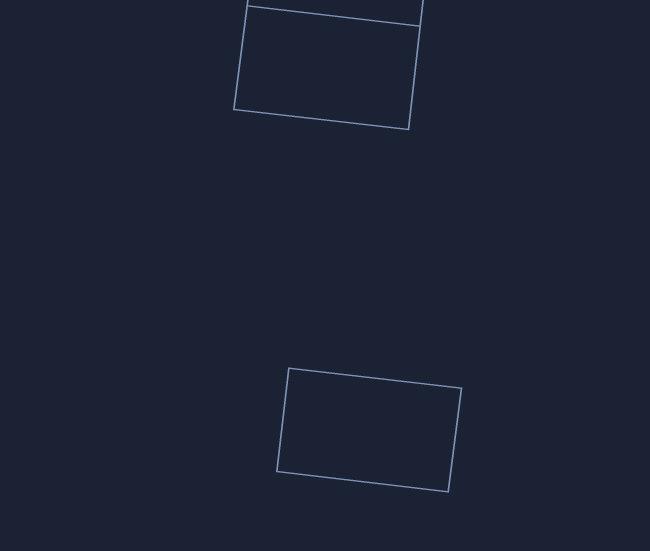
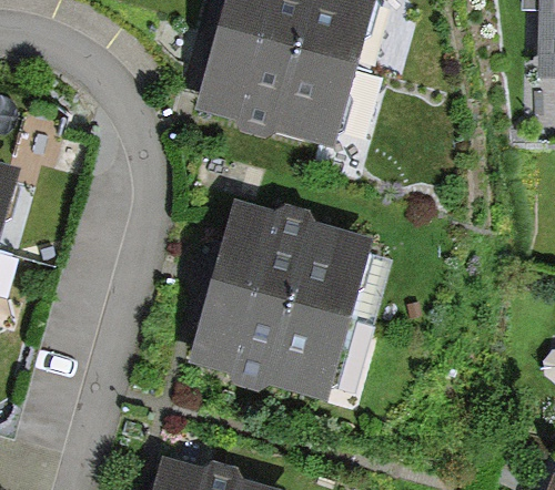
building: none -> [223,216,360,317]

